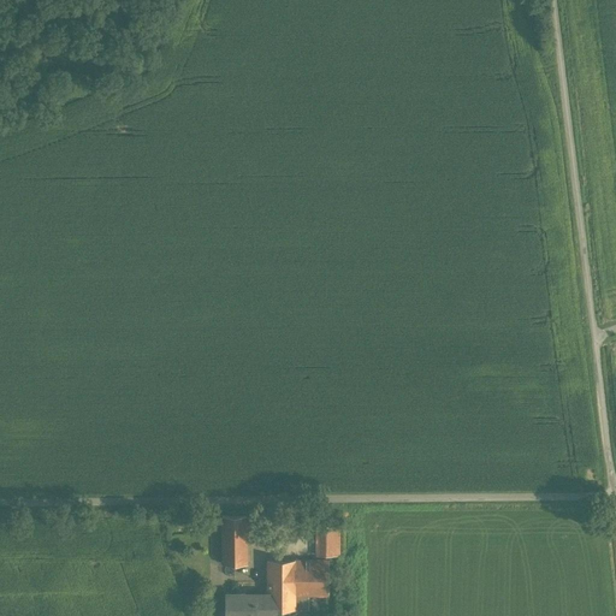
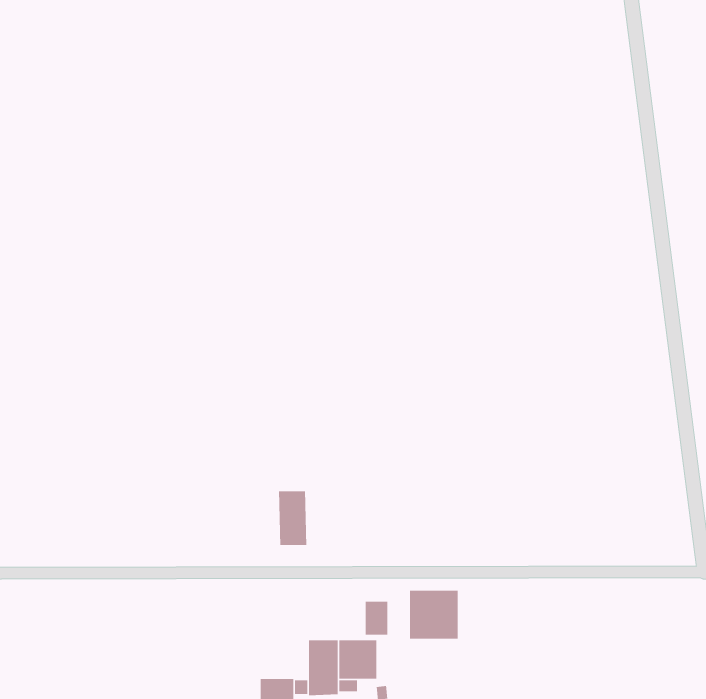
building: [221,519,247,567] -> [278,490,307,546]
building: none -> [409,590,459,640]

